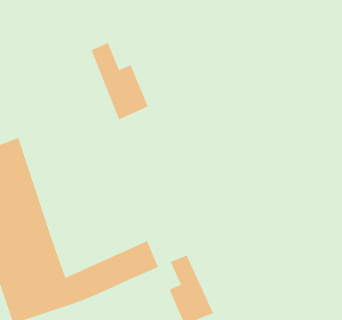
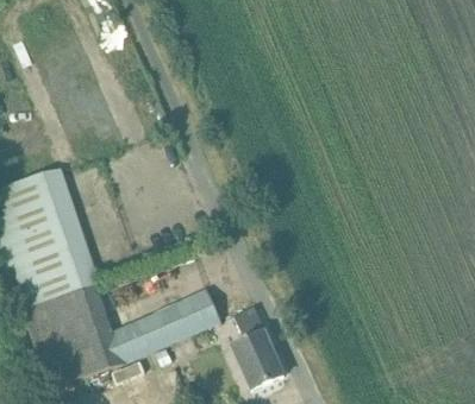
building: [91,42,149,120] -> none

